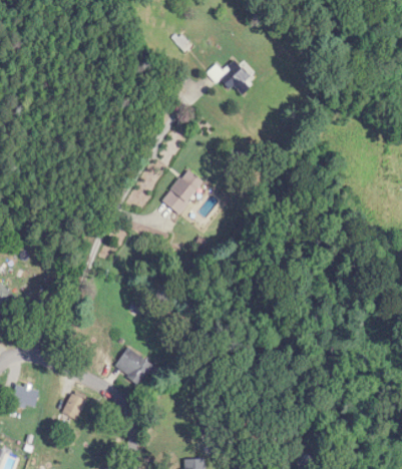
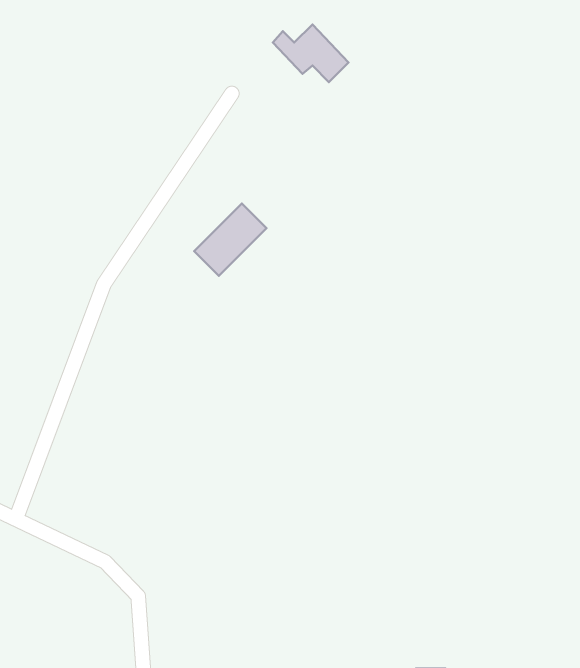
building: [114,347,150,383] -> none
building: [62,392,87,419] -> none

